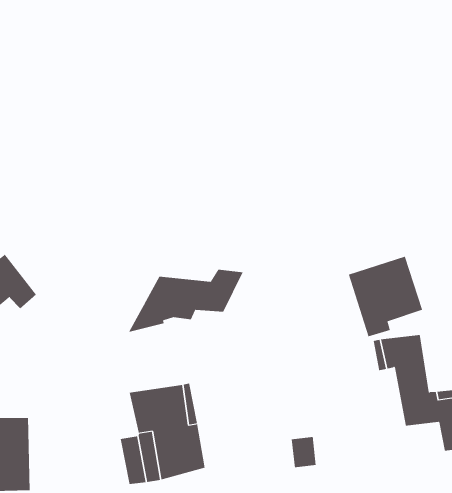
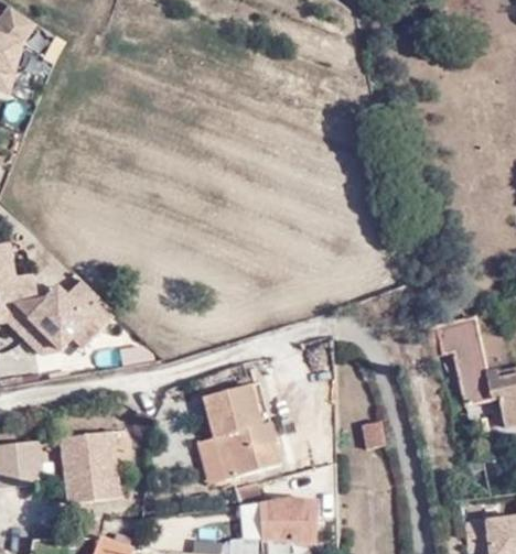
building: [348,256,423,337] -> none
building: [102,269,244,340] -> none

